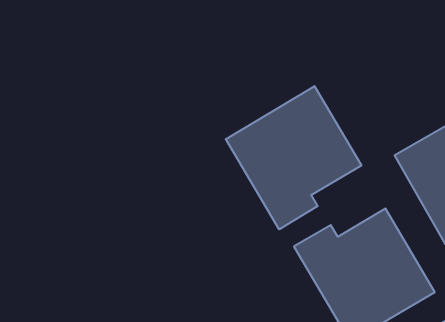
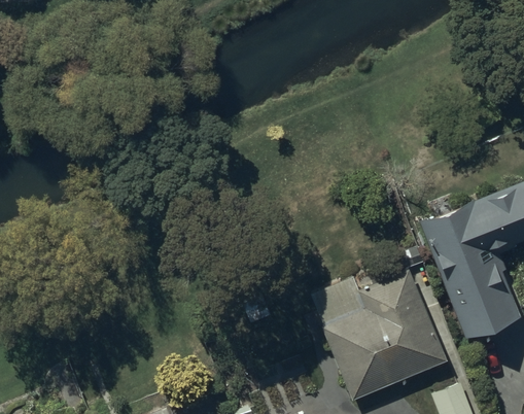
building: [226,86,361,229] -> none

